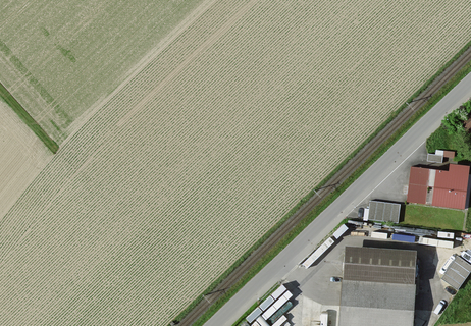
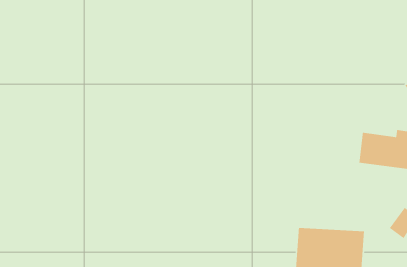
building: [367,202,401,225] -> none
building: [343,243,417,281] -> none

